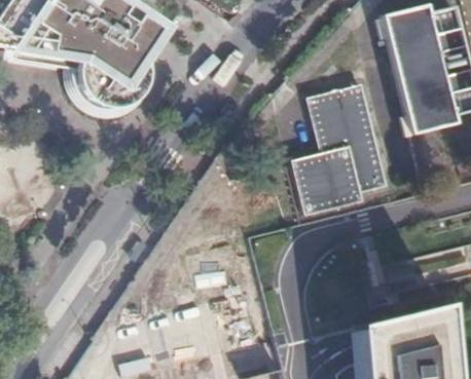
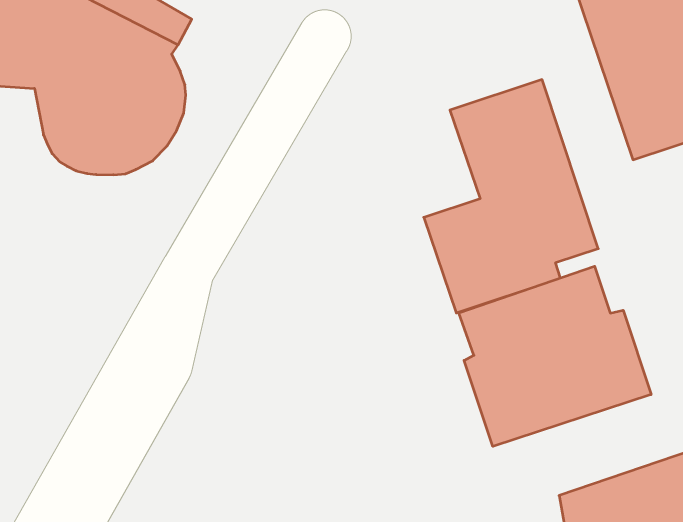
building: none -> [459,266,651,446]

